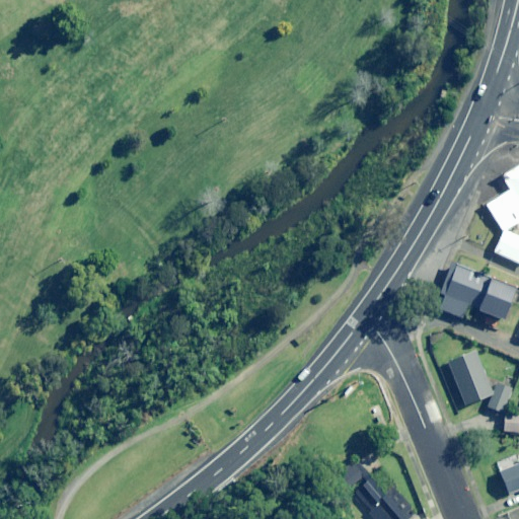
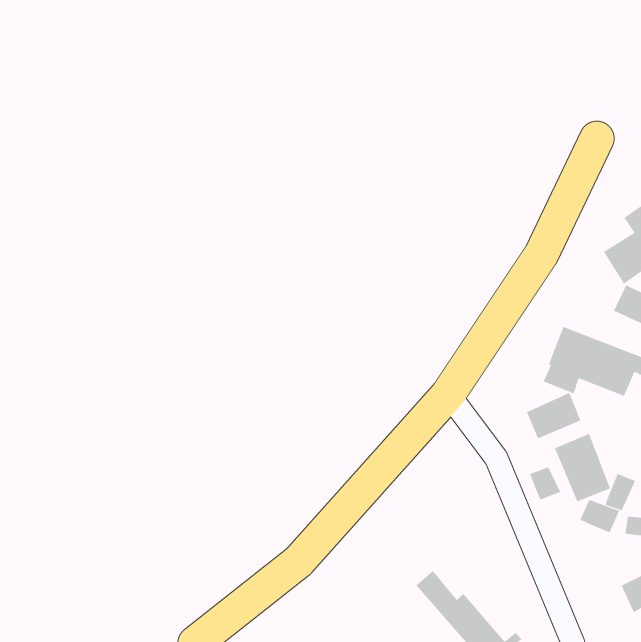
building: none -> [526,392,581,439]
building: none -> [529,467,561,501]
building: none -> [580,499,620,533]

